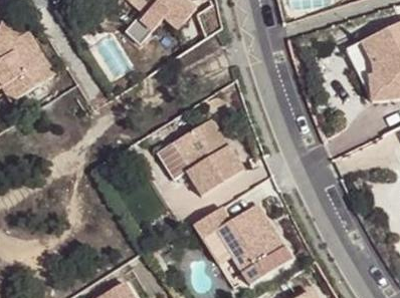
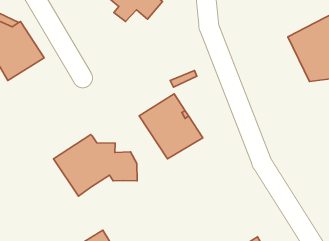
building: none -> [53,134,137,196]
building: [194,204,291,285] -> none

